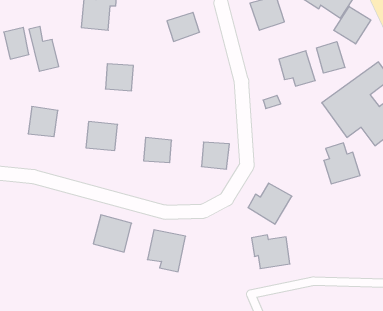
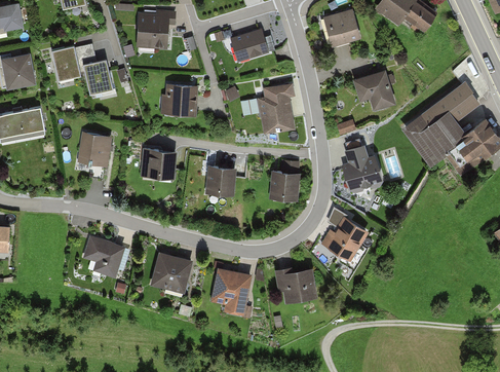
building: [334,6,371,44] -> none
building: [317,42,345,73] -> none
building: none -> [258,85,292,134]
building: [324,143,360,184] -> [343,145,383,190]
building: none -> [84,235,125,275]
building: [252,235,290,269] -> [275,266,317,303]

